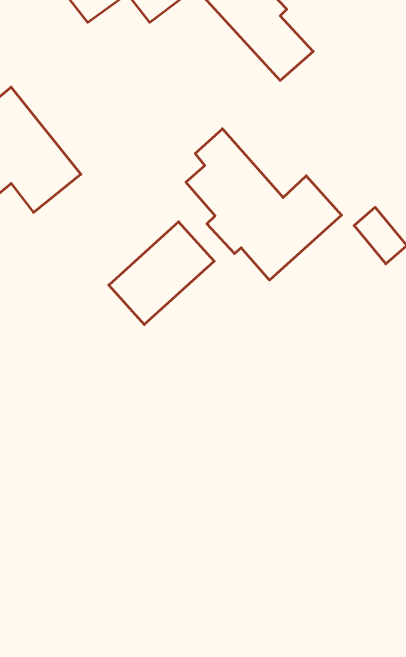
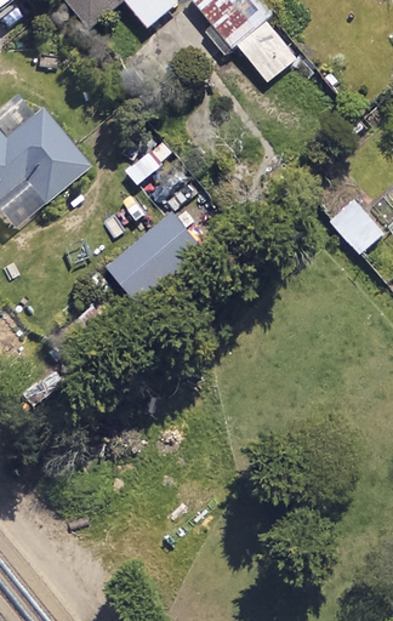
building: [186,129,342,280] -> none

